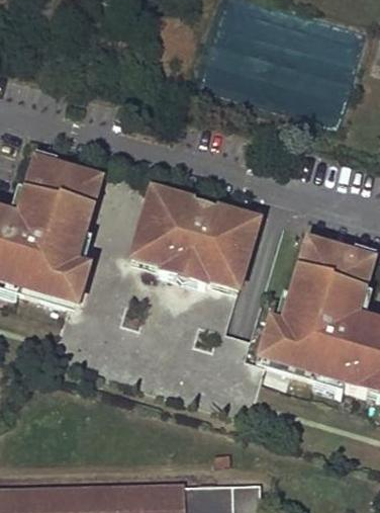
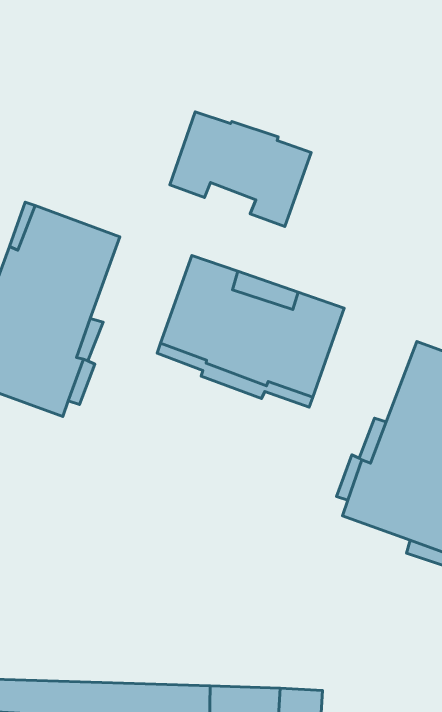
building: none -> [170,112,311,226]

